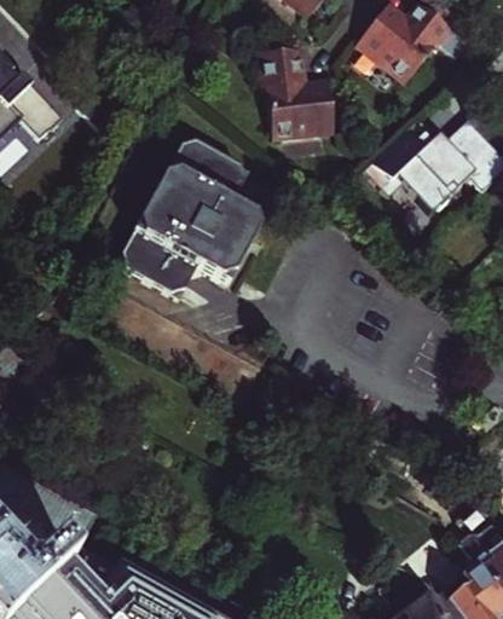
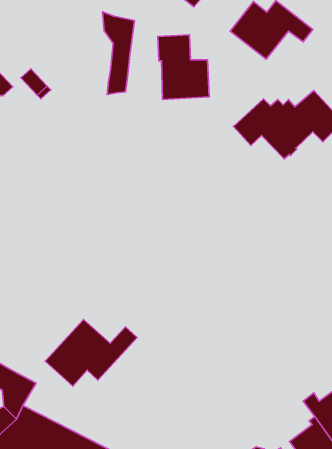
building: none -> [102,12,134,95]
building: [120,135,264,296] -> none
building: none -> [45,320,137,386]

